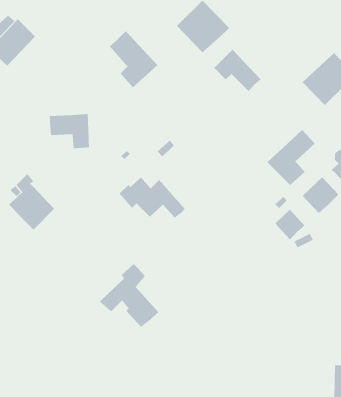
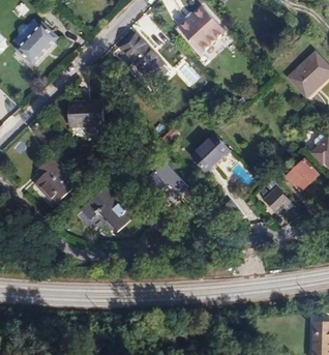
building: [213,49,262,92] -> none
building: [267,129,316,186] -> none
building: none -> [190,135,230,173]
building: [99,263,159,328] -> [82,175,133,231]

